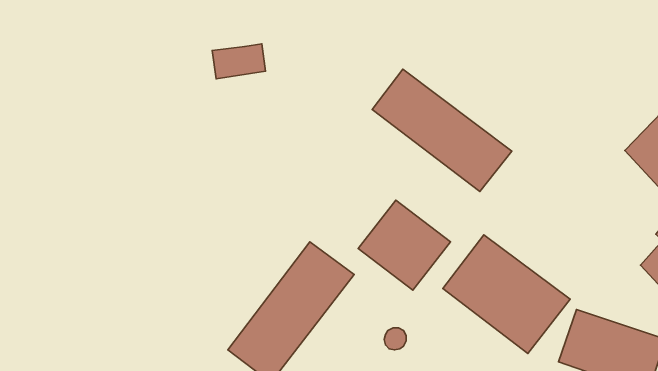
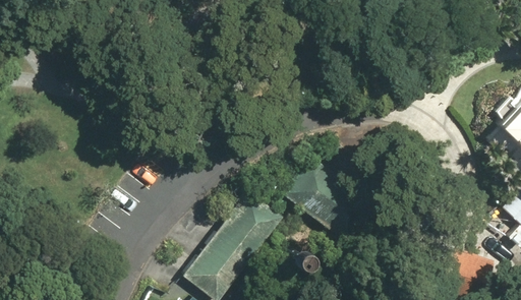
building: [372,69,512,192] -> none
building: [443,235,570,353] -> none

